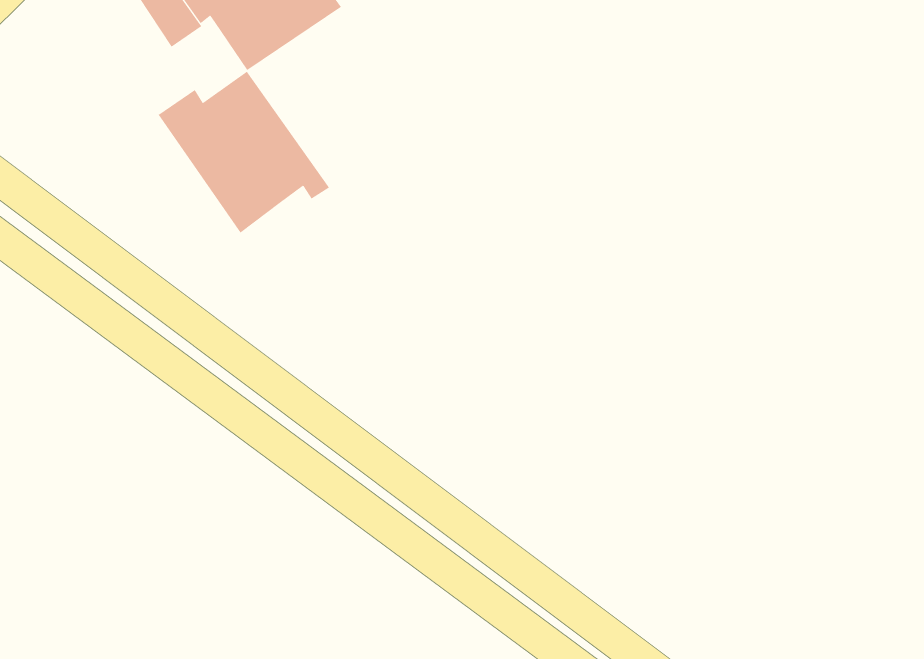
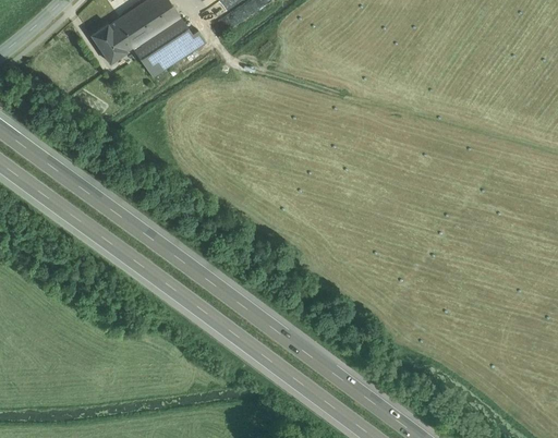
building: [158,71,330,233] -> none

